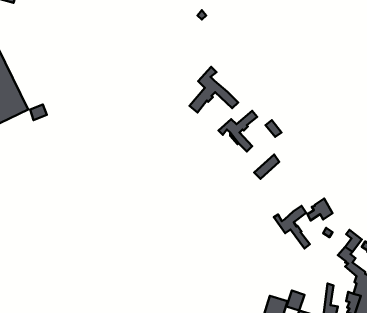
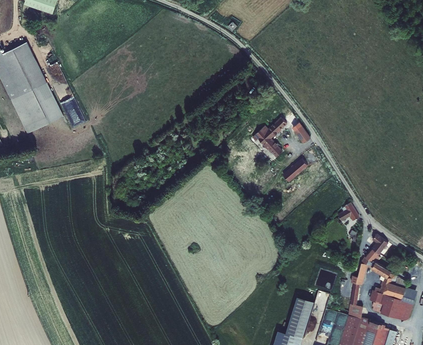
building: [189,67,238,113] -> none
building: [274,206,310,249] -> none

